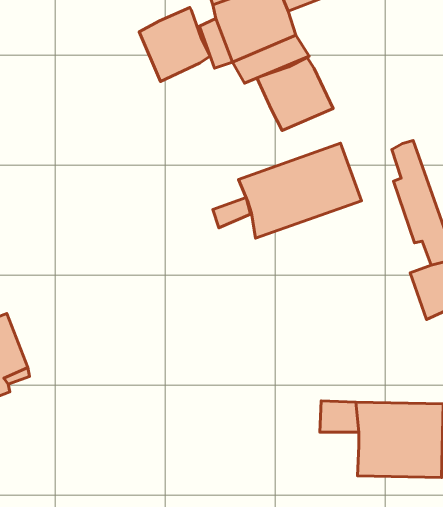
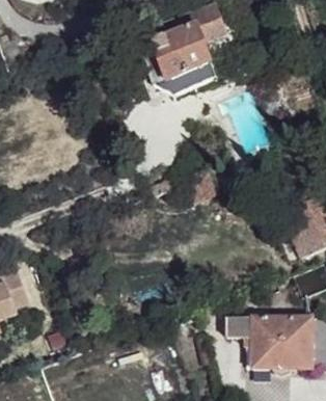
building: [139,7,210,82] -> none
building: [257,58,333,130] -> none
building: [239,143,361,238] -> none

